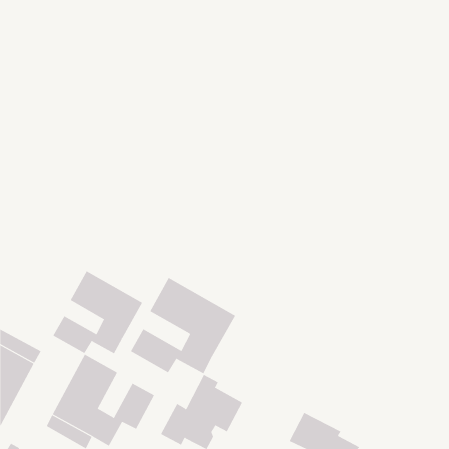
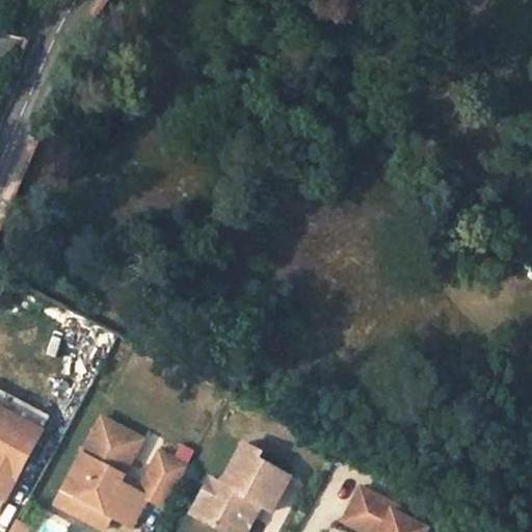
building: [53,271,143,354] -> none
building: [130,277,236,374] -> none

